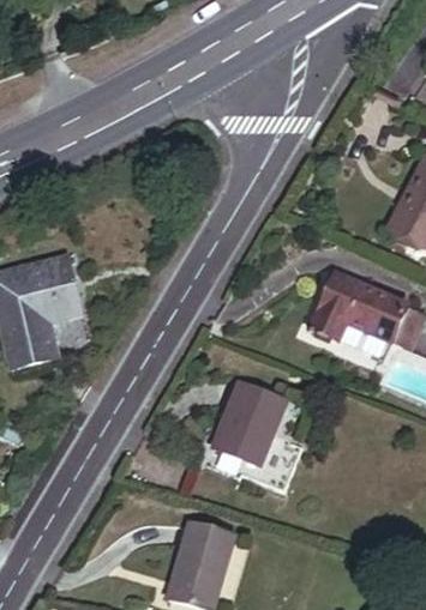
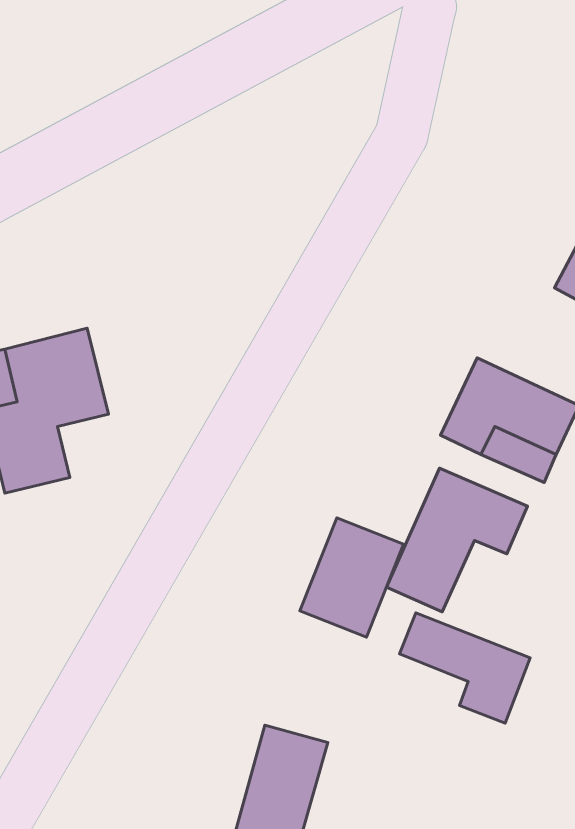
building: none -> [386,468,528,612]
building: none -> [400,613,530,723]

